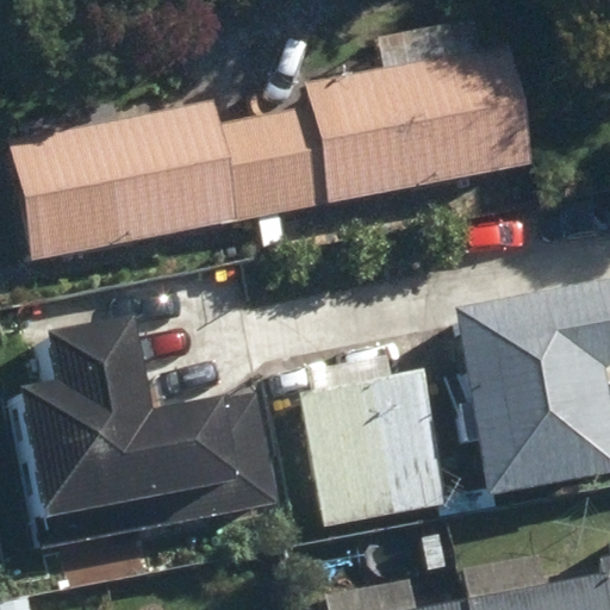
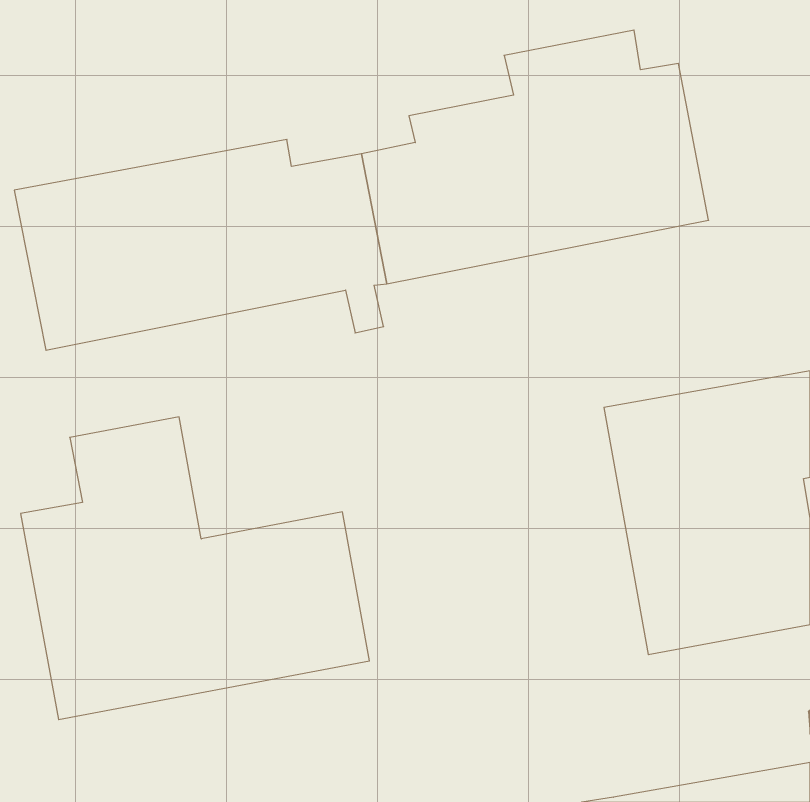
building: [300,367,447,522] -> none

